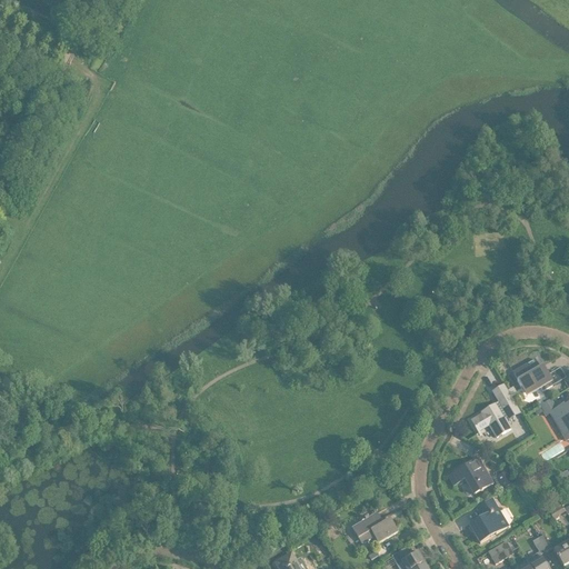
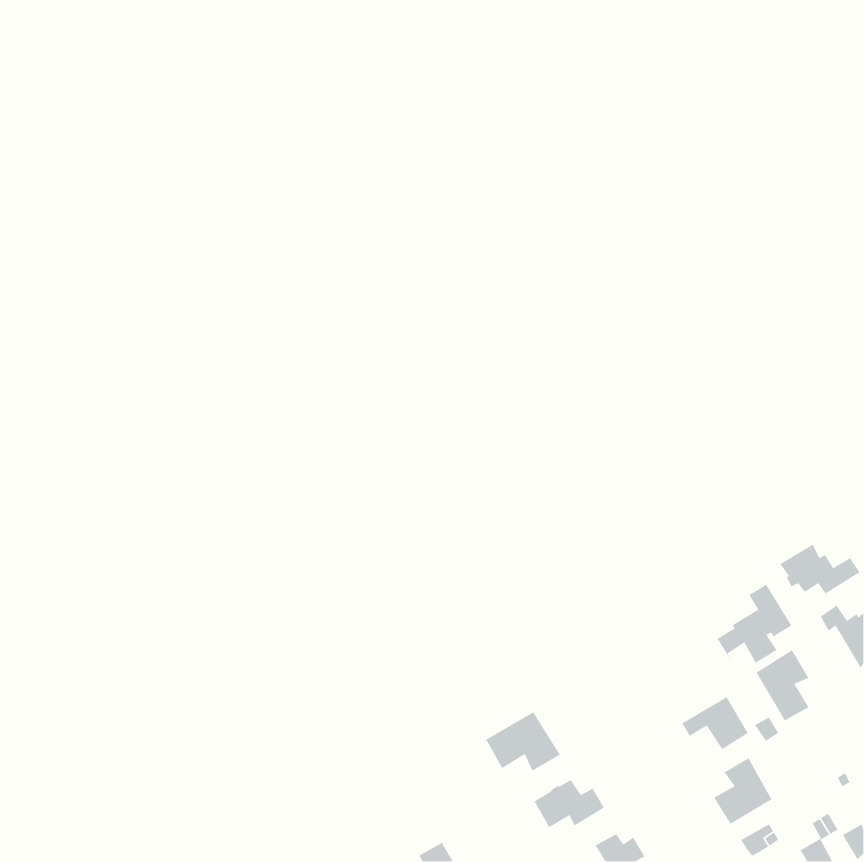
building: none -> [756,649,809,721]
building: none -> [485,711,561,772]

